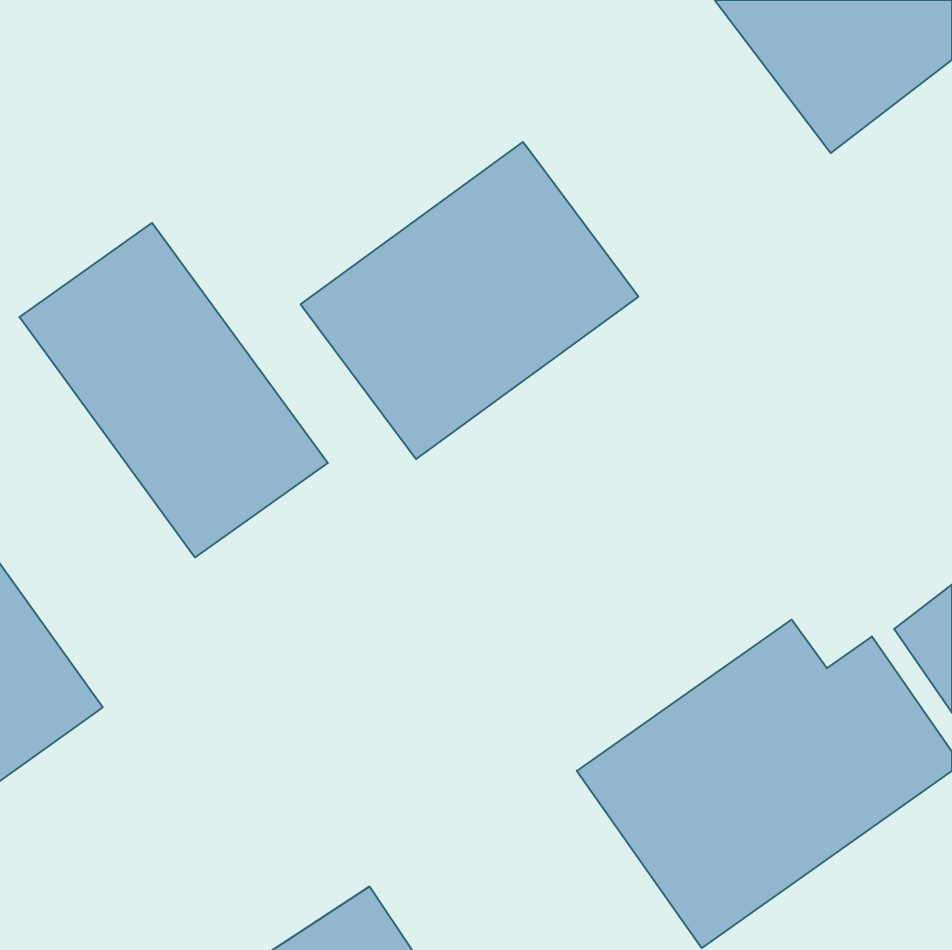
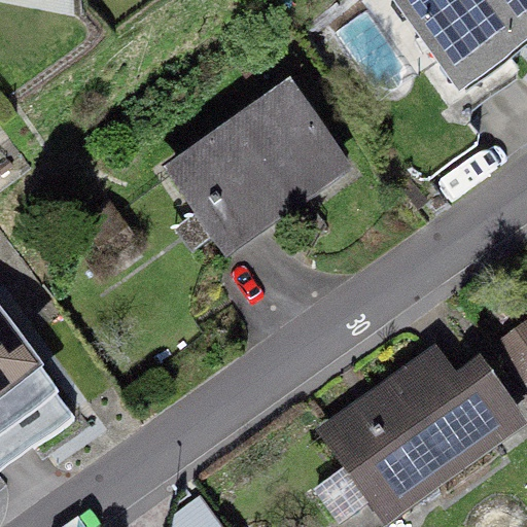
building: [19,223,328,557] -> none

